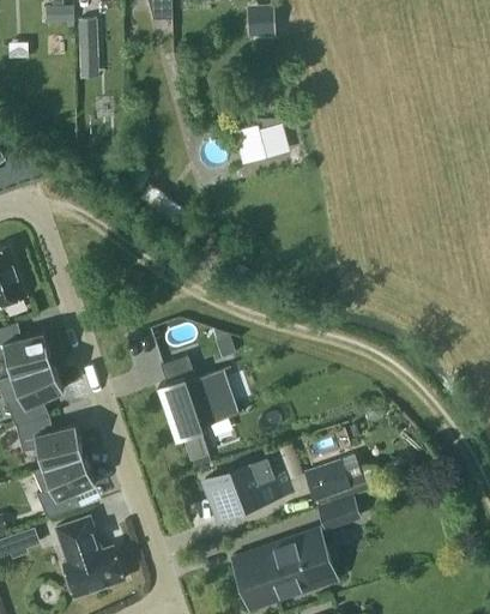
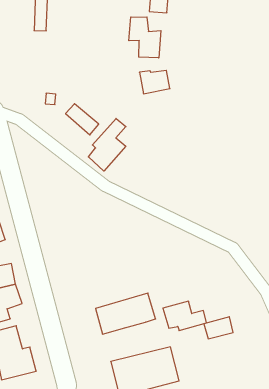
building: none -> [129,17,161,58]
building: none -> [88,118,126,171]
building: [158,356,244,462] -> none
building: [316,496,361,531] -> [204,317,233,339]

